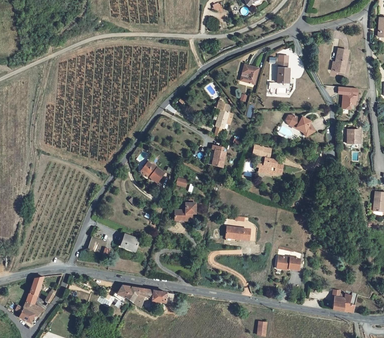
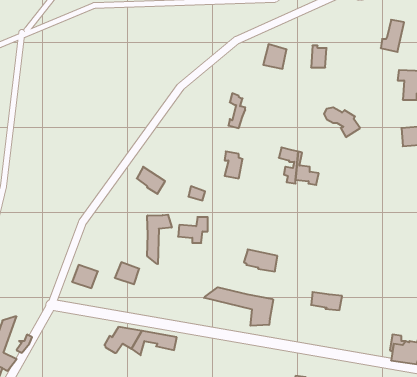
building: none -> [147,215,172,264]
building: none -> [204,287,273,326]

